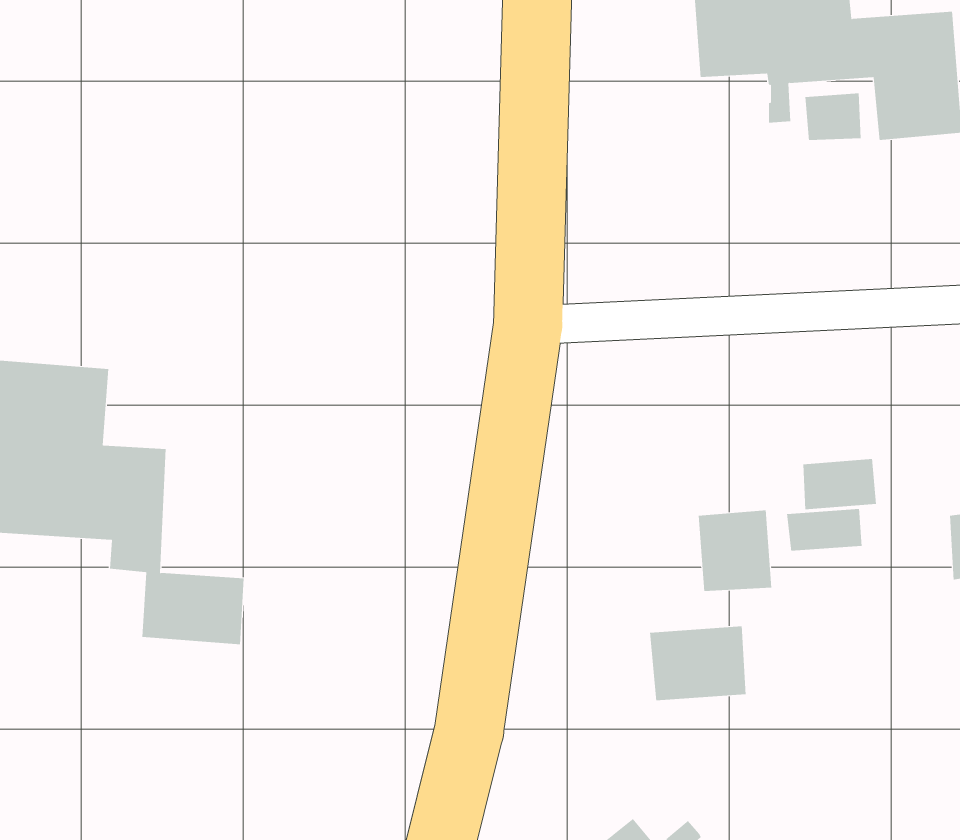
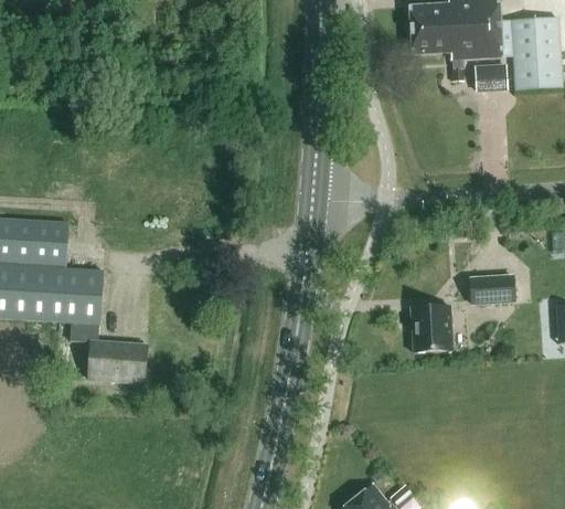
building: [786,508,862,552] -> none
building: [649,625,746,701] -> none

